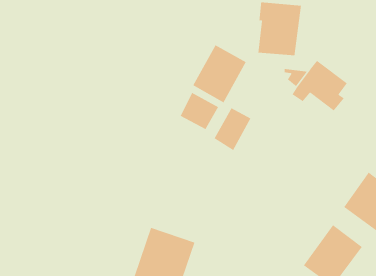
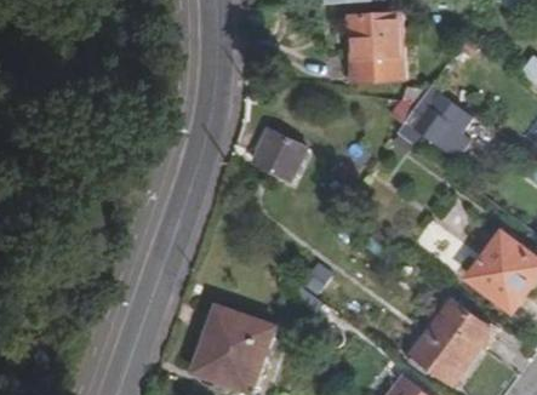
building: [192,44,247,103] -> none
building: [213,107,252,151] -> none

